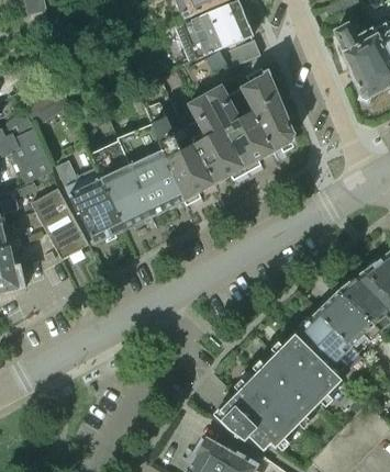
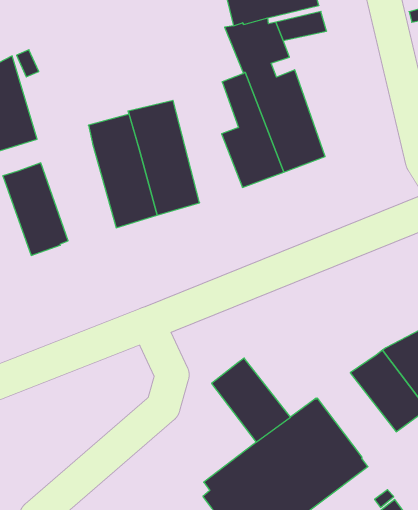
building: [241,72,292,149] -> none
building: [152,117,214,199] -> none
building: [55,159,123,243] -> none
building: [296,311,359,373] -> [212,358,290,442]

